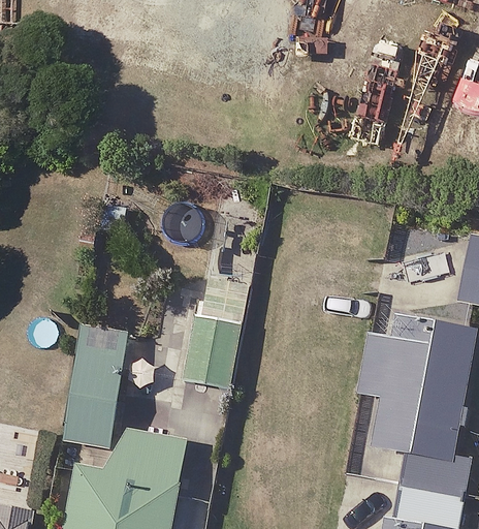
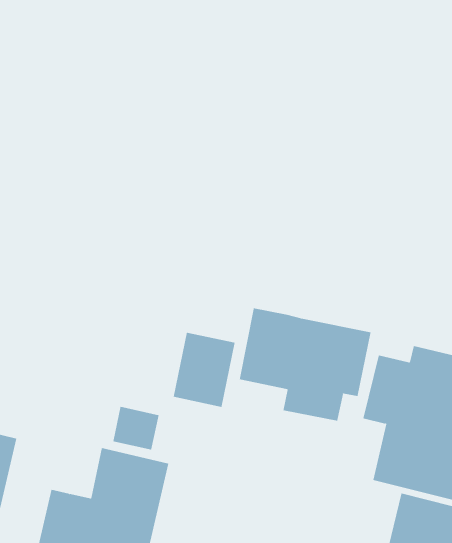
building: none -> [239,308,371,422]
building: [61,331,127,444] -> none

